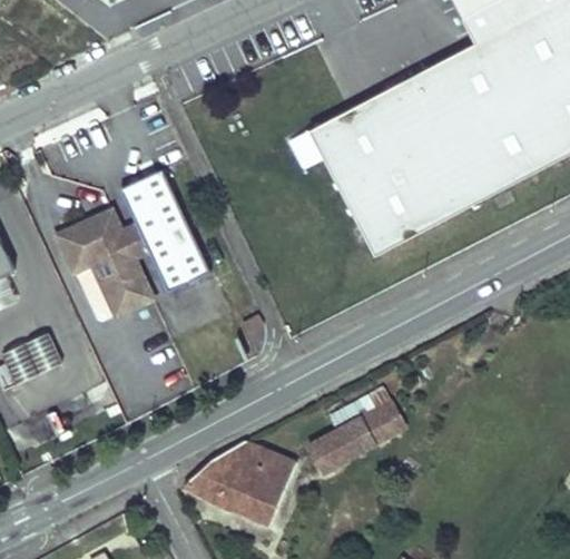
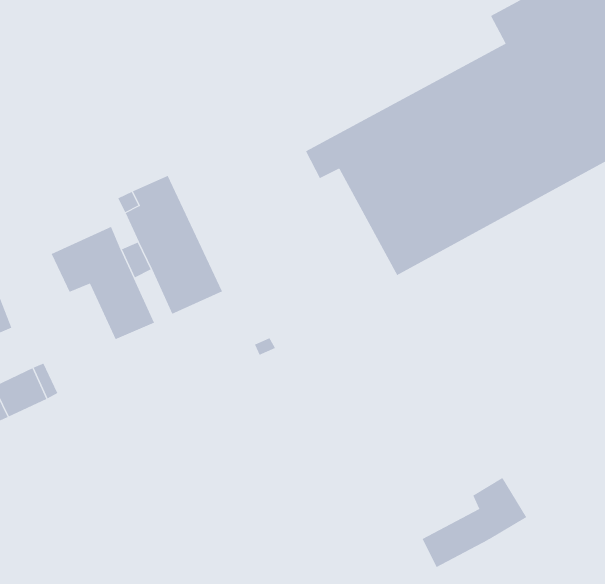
building: [309,389,406,472] -> [422,477,527,568]
building: [188,443,295,521] -> none

